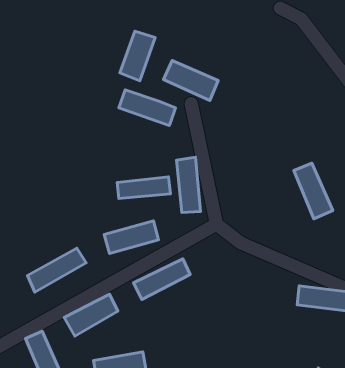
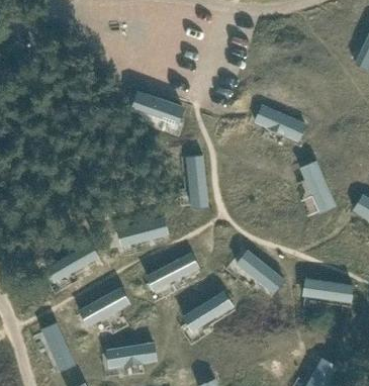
building: [120,31,155,81] -> none
building: [164,61,218,100] -> [254,106,306,144]
building: [117,177,171,199] -> none
building: none -> [236,250,285,293]
building: none -> [182,291,234,333]

